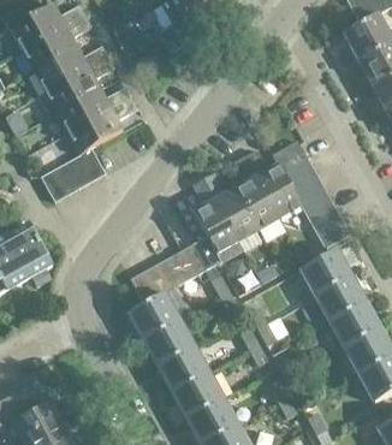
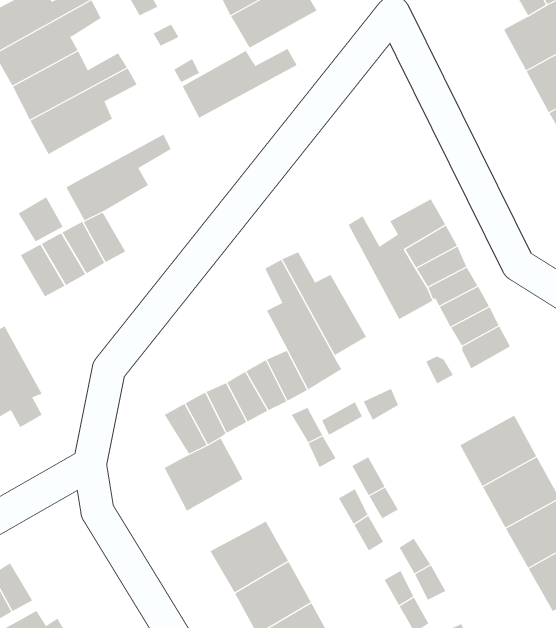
building: [55,89,129,134] -> [182,48,297,118]
building: [233,158,278,229] -> none
building: [302,251,351,297] -> none
building: [143,319,194,364] -> none

